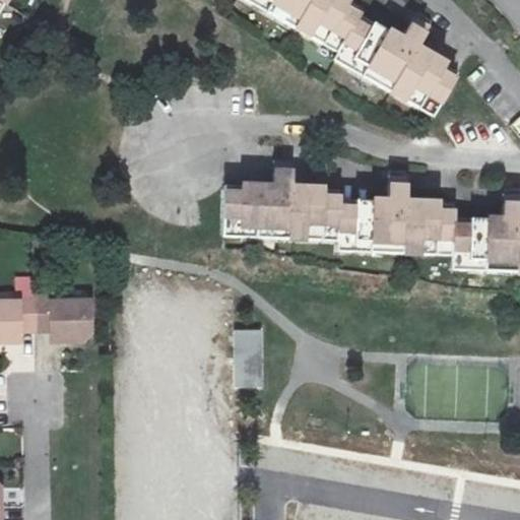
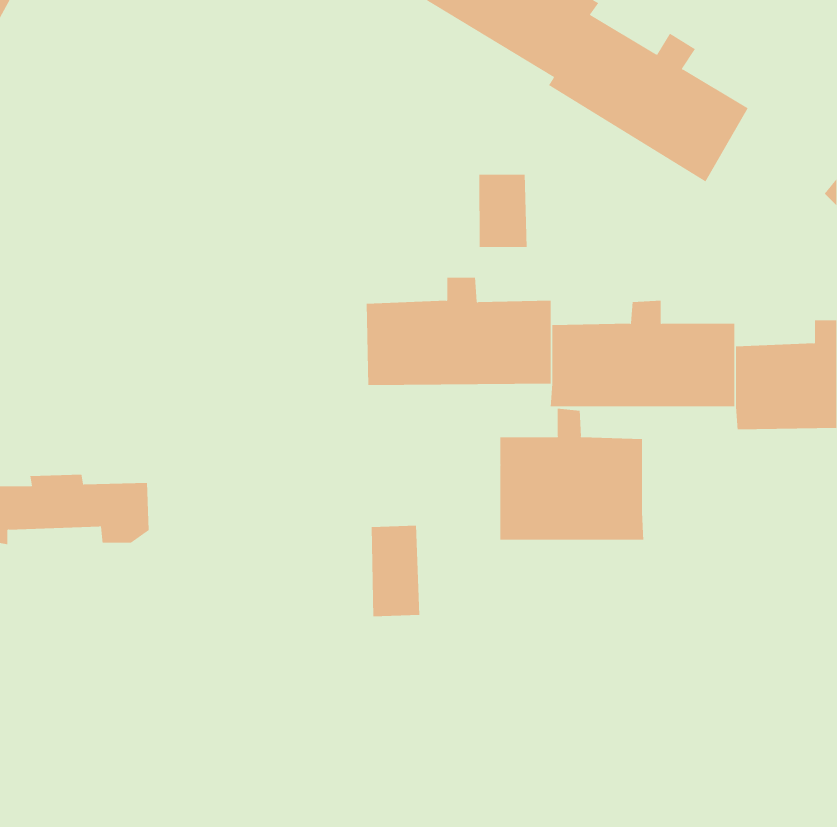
building: none -> [479,174,527,248]
building: none -> [500,408,644,541]

